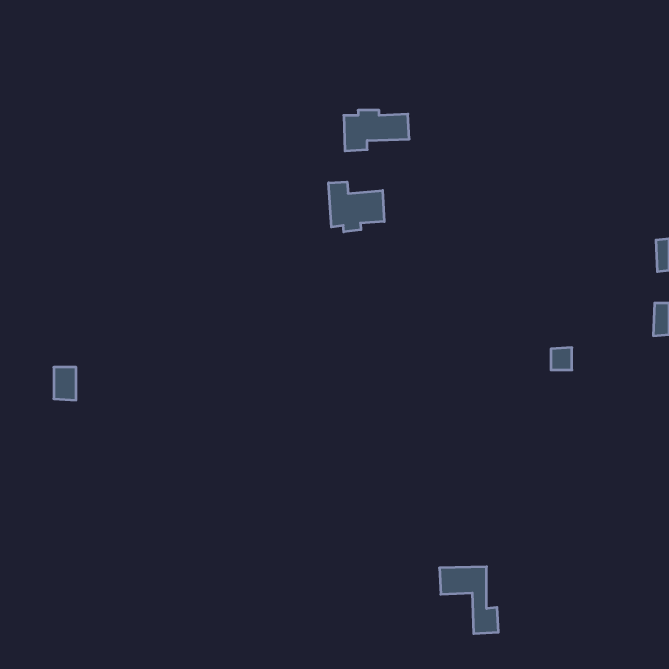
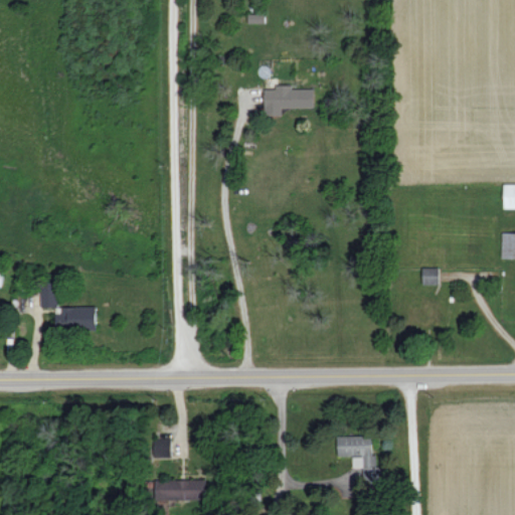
building: [329,182,384,232] -> none
building: none -> [57,307,97,329]
building: none -> [153,480,205,502]

